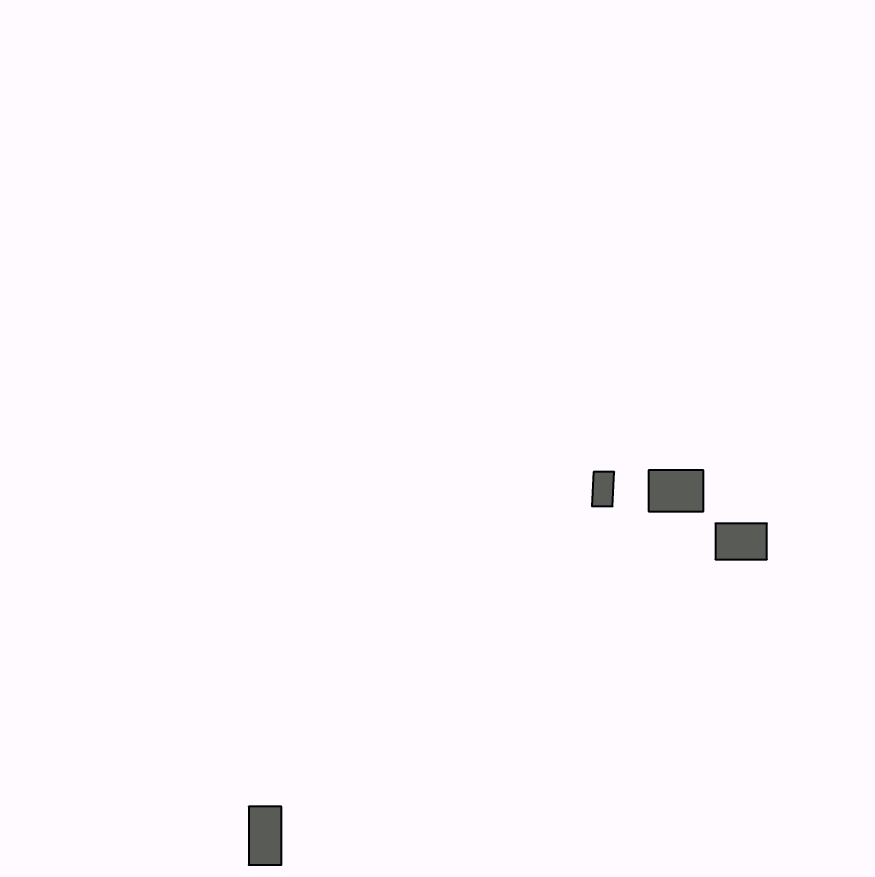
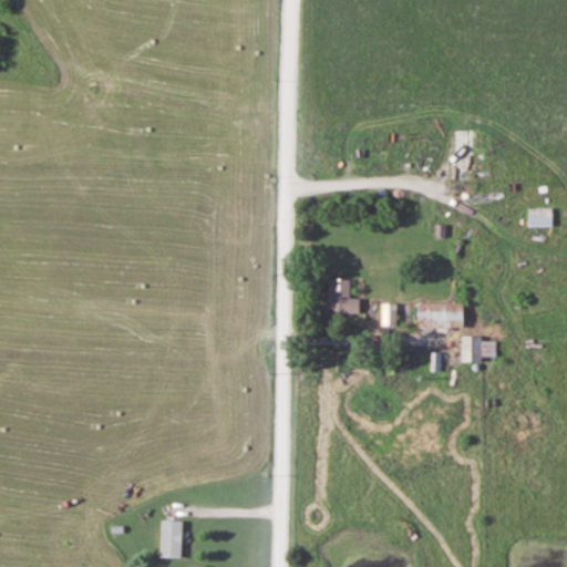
building: none -> [528,208,553,227]
building: none -> [330,280,360,313]

